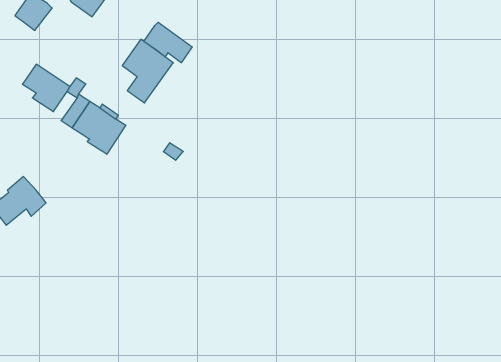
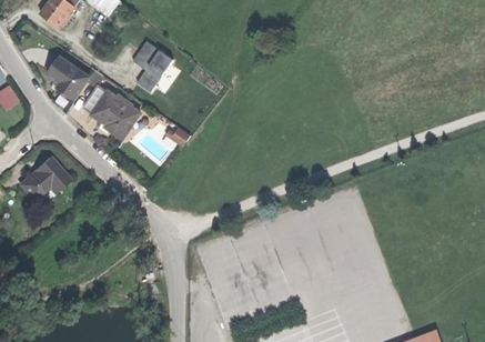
building: [144,22,192,63] -> none

